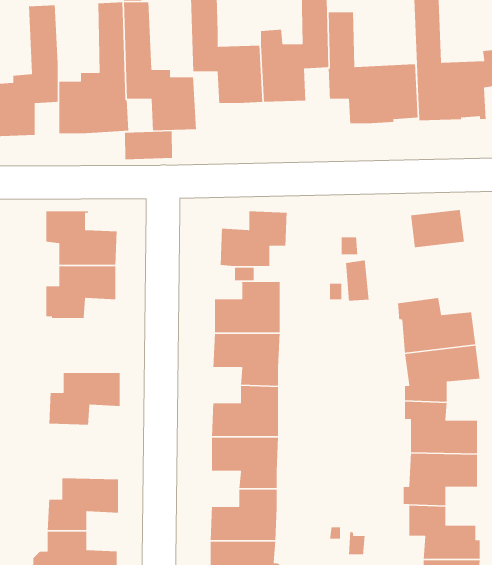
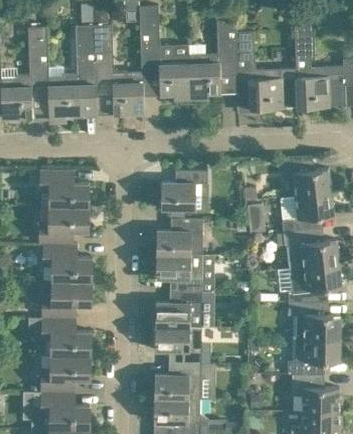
building: [124,131,173,160] -> none
building: none -> [279,193,333,235]
building: none -> [42,246,92,283]
building: none -> [30,319,90,357]

